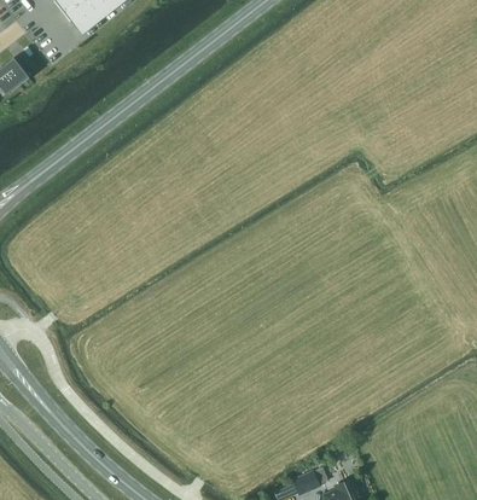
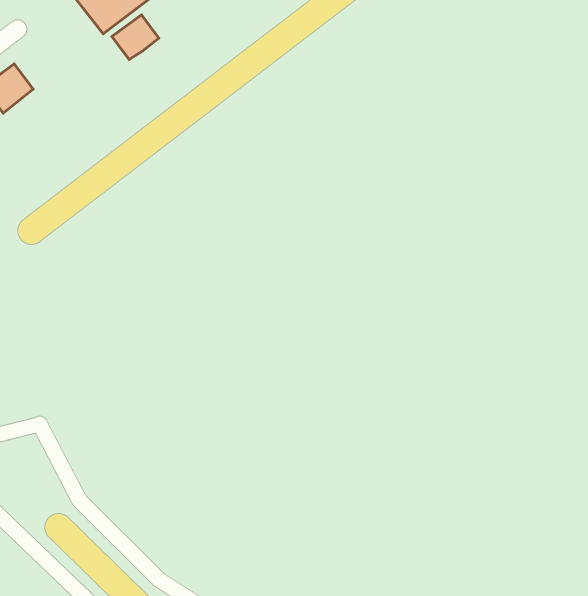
building: none -> [112,15,159,59]

